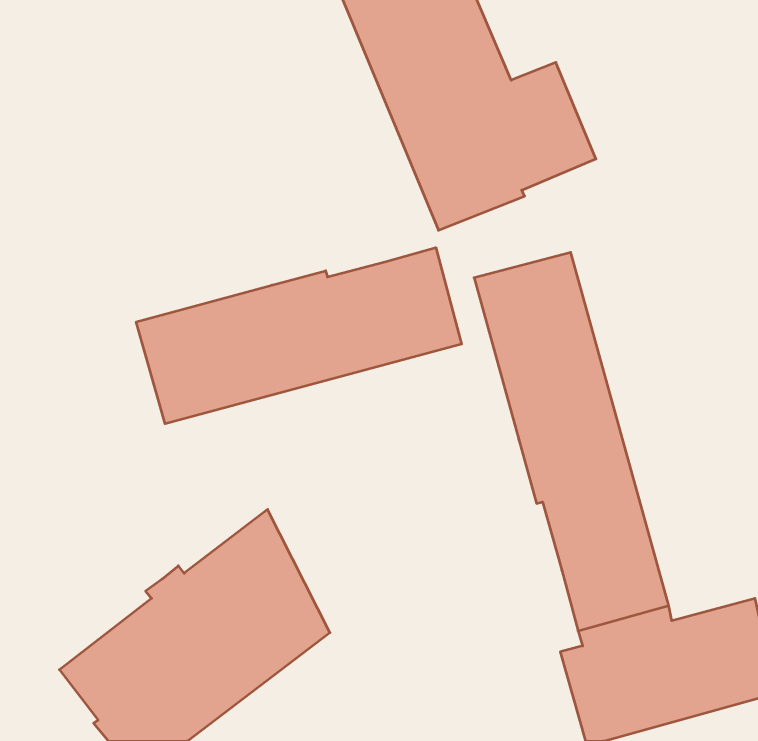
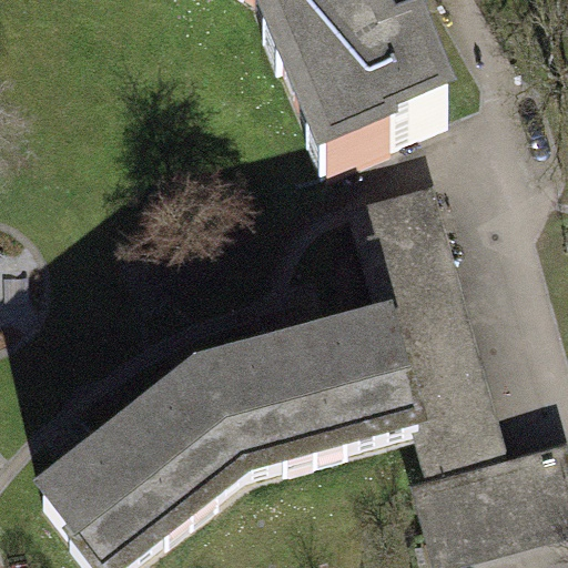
building: [136,248,462,424] -> none
building: none -> [201,328,420,473]

